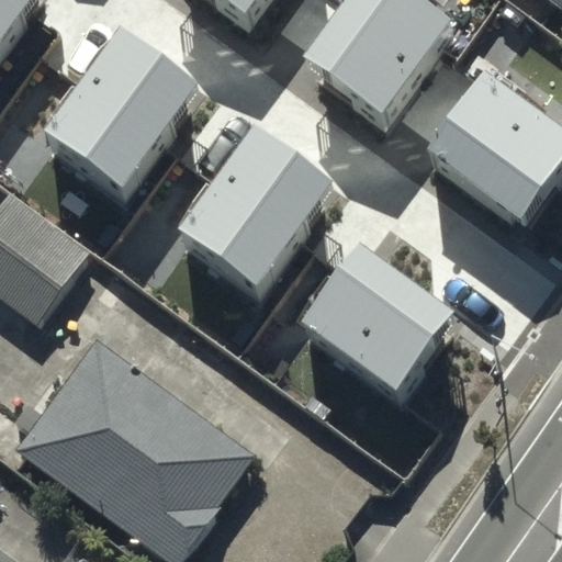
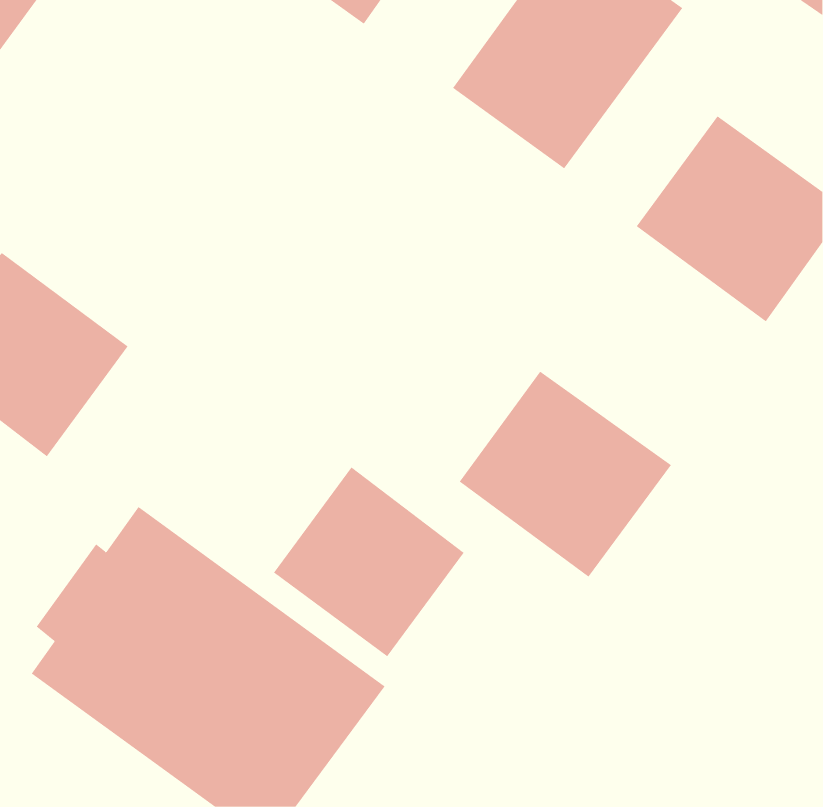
building: [44,24,200,188] -> none
building: [177,123,333,286] -> none
building: none -> [273,466,465,657]

